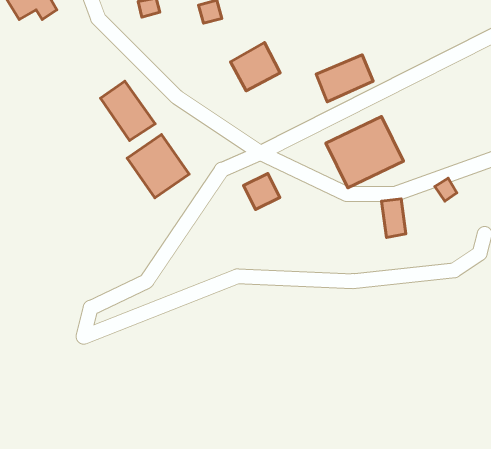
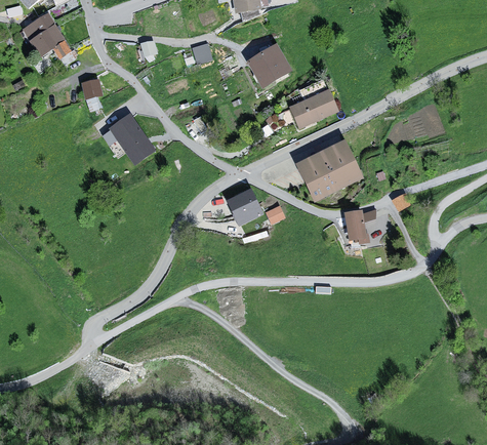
building: none -> [81,78,102,109]
building: [231,43,280,91] -> [249,47,291,88]
building: [127,135,189,198] -> none

